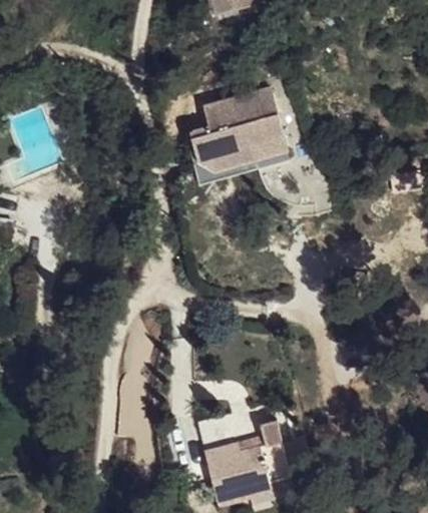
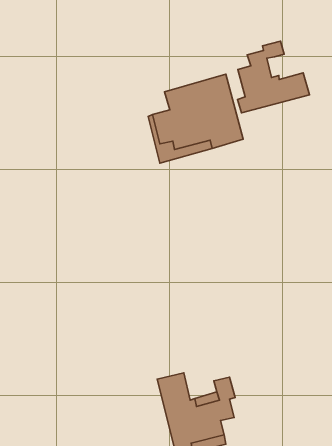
building: none -> [237,41,309,113]

